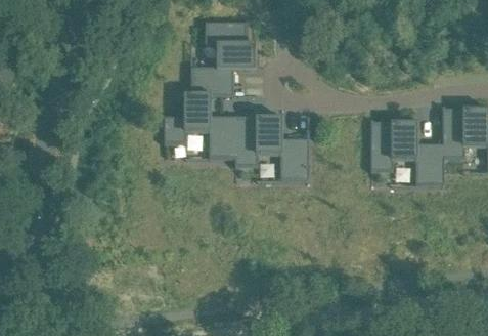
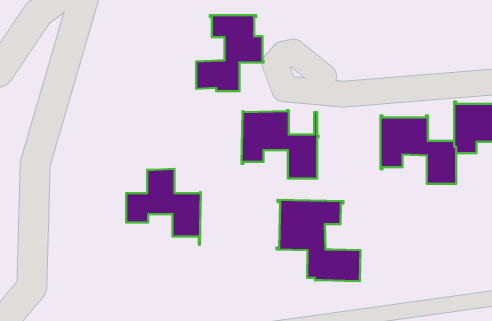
building: [165,91,237,165] -> [126,169,201,245]
building: none -> [277,200,360,281]

